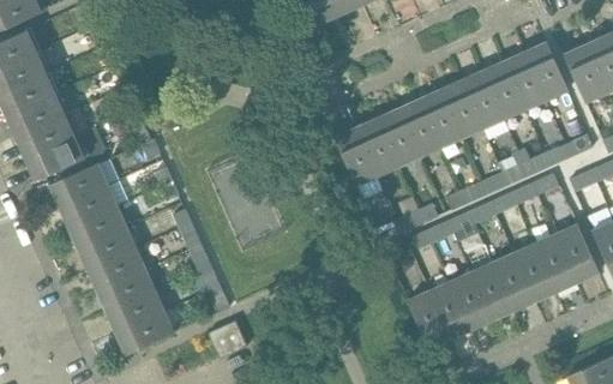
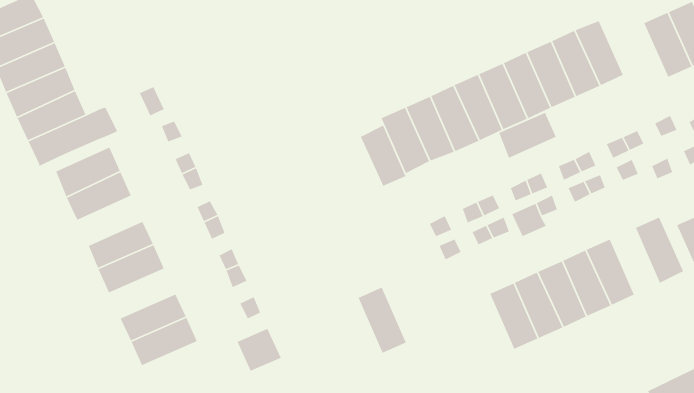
building: [524,41,567,100] -> none
building: none -> [498,112,557,159]
building: none -> [360,125,406,187]
building: [68,205,126,248] -> none
building: [534,233,577,292] -> none
building: [96,269,155,312] -> none
building: [407,290,450,349] -> [357,286,407,354]

